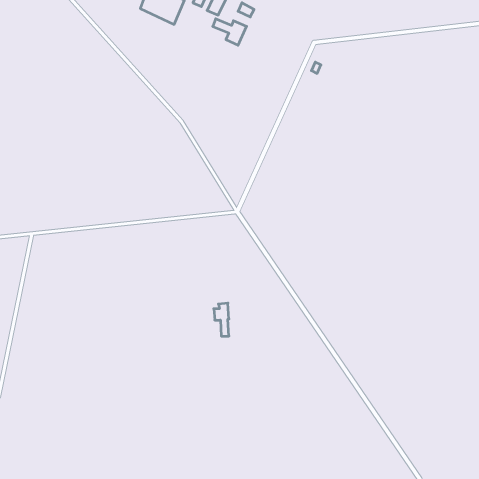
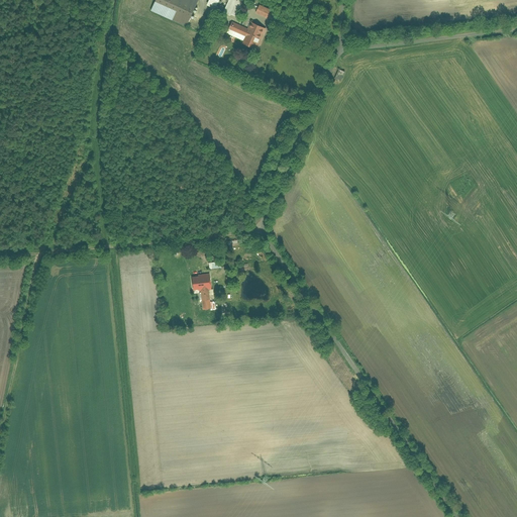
building: [214,303,229,336] -> [192,270,208,305]

